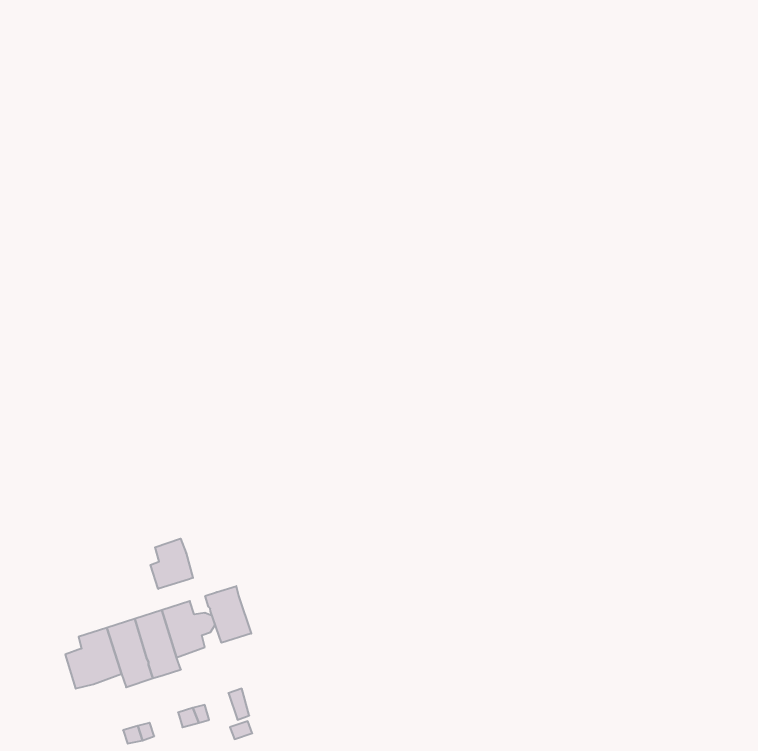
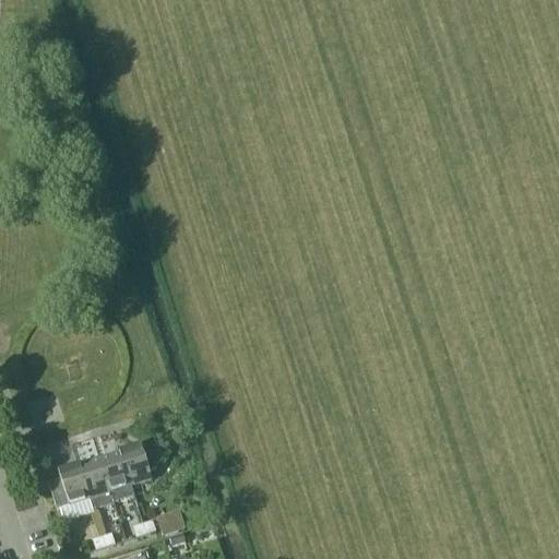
building: [150,539,193,589] -> none
building: [205,586,251,643] -> none

